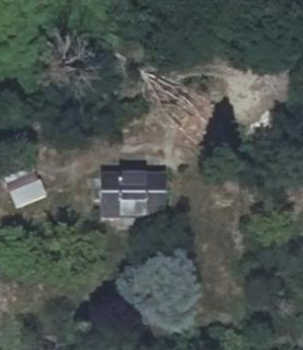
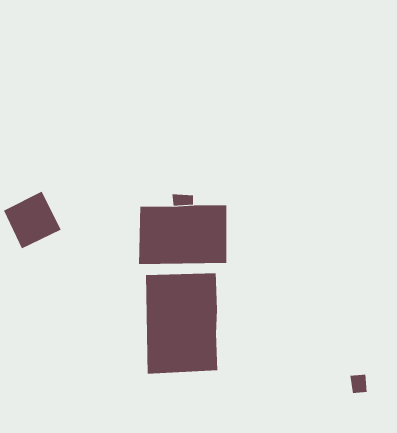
building: none -> [145,272,218,375]

